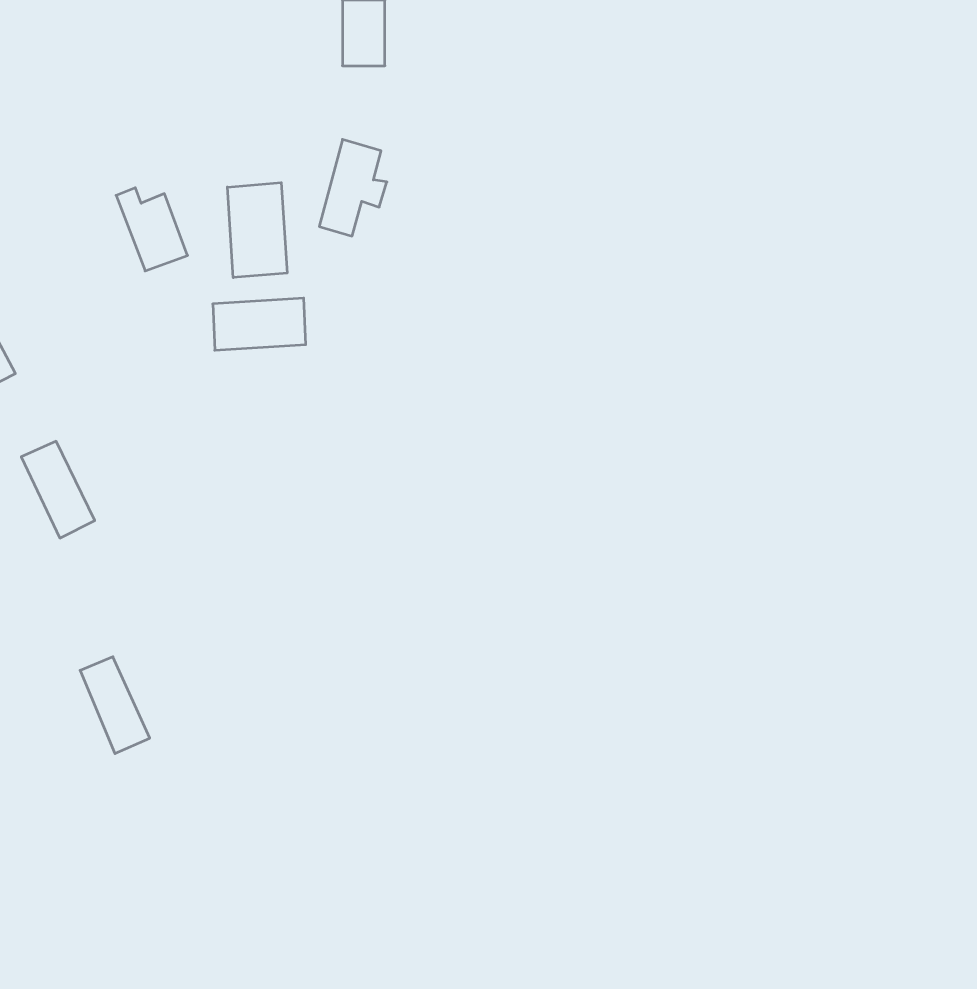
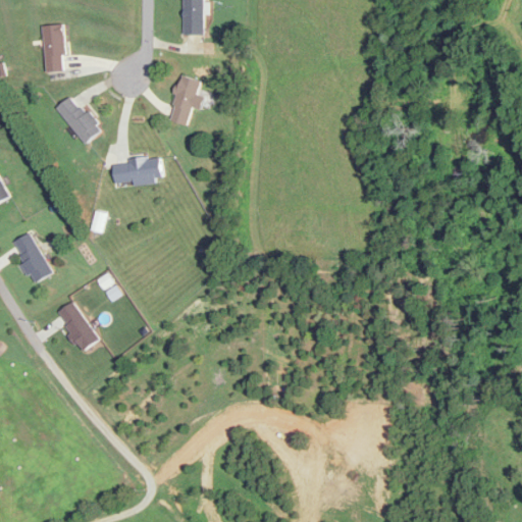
building: none -> [41,22,65,72]
building: [227,183,287,278] -> none
building: [80,657,150,754] -> [59,302,96,353]

